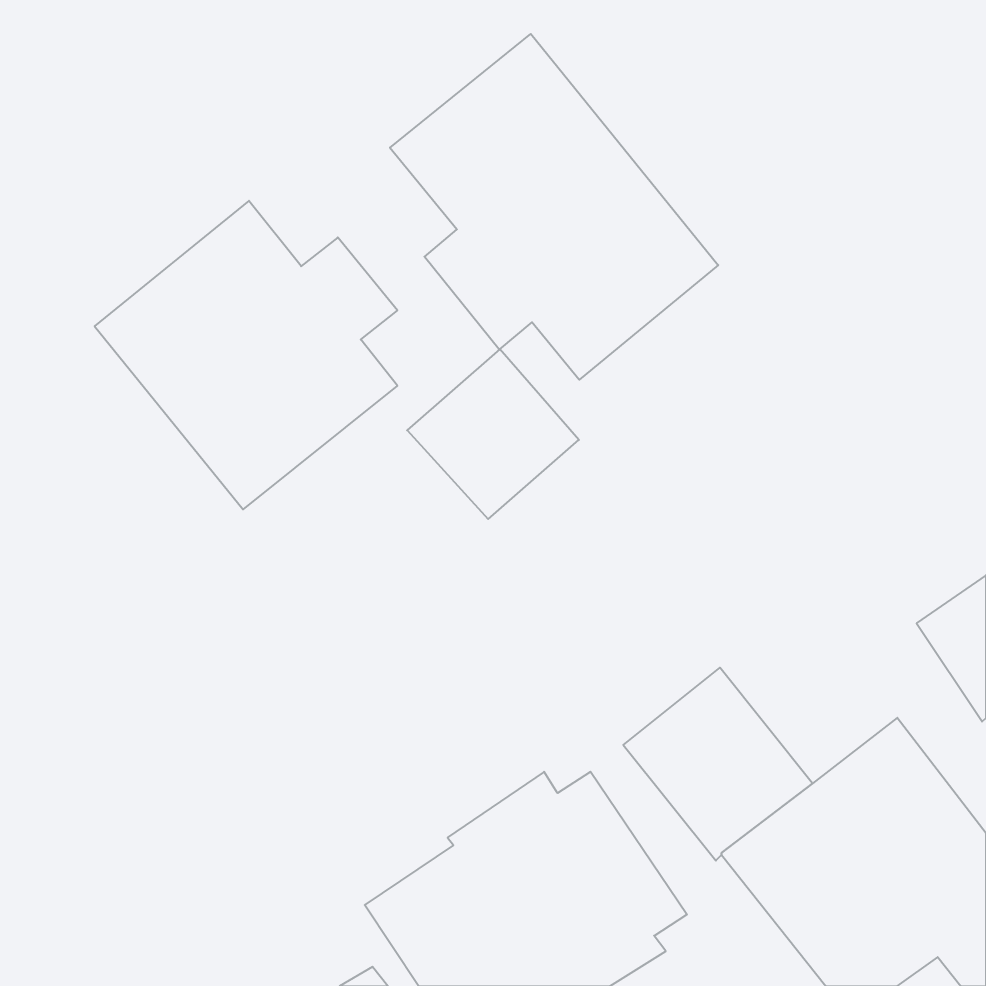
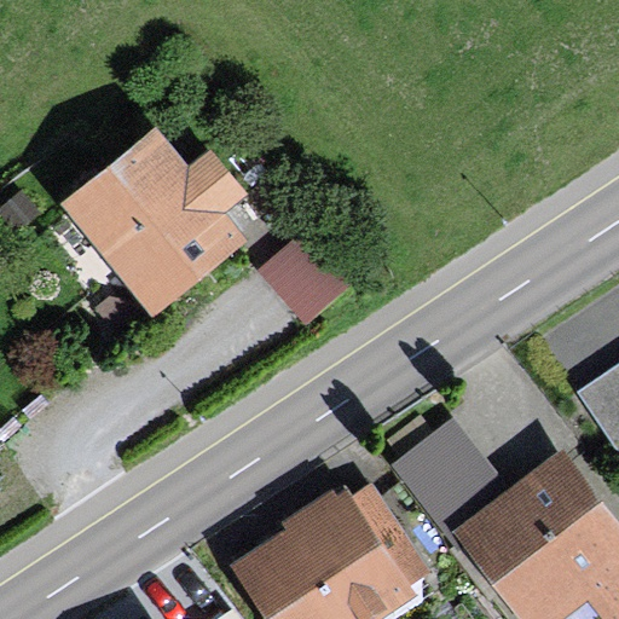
building: [390,34,718,380] -> none

